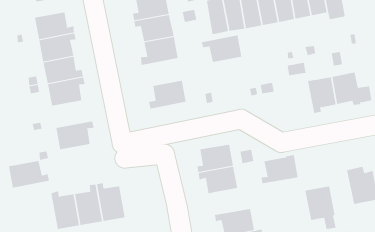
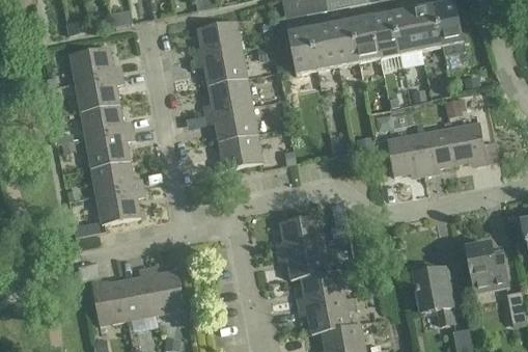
building: [201,35,242,62] -> [204,105,257,140]
building: none -> [386,134,424,178]
building: [260,155,299,184] -> [296,268,344,305]
building: [8,161,50,188] -> [90,159,143,194]

